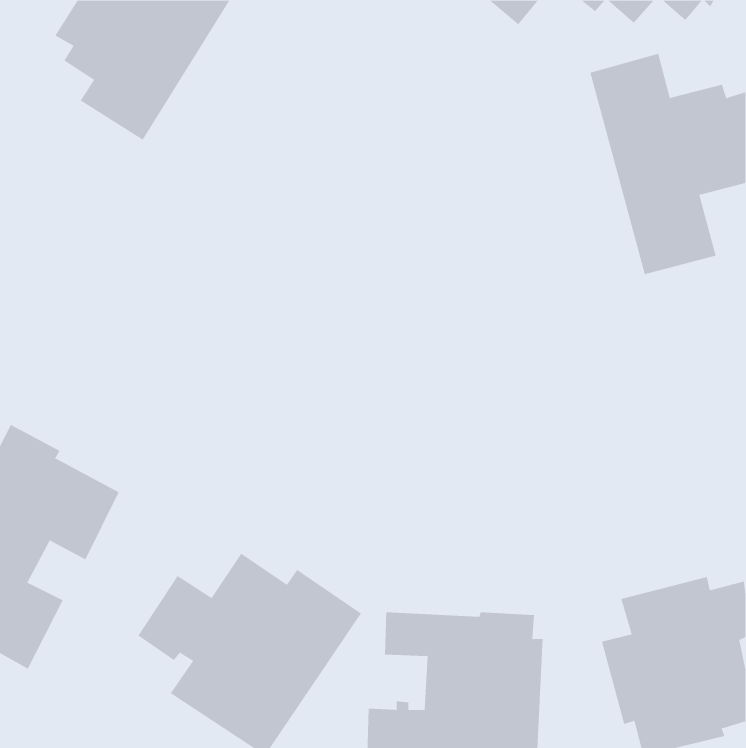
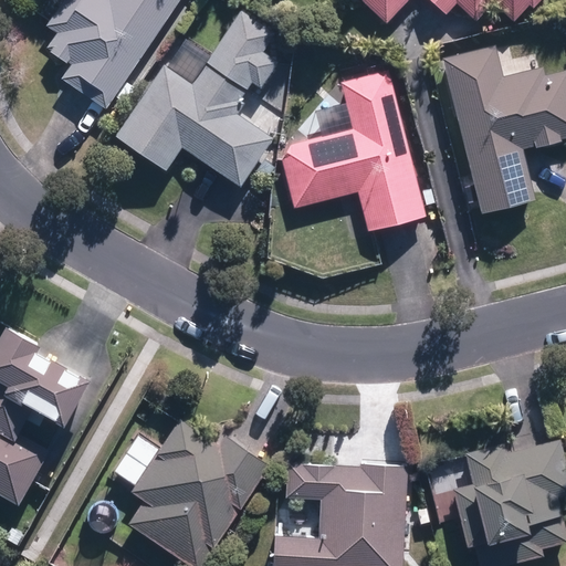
building: none -> [117,10,283,186]
building: none -> [276,72,423,232]

